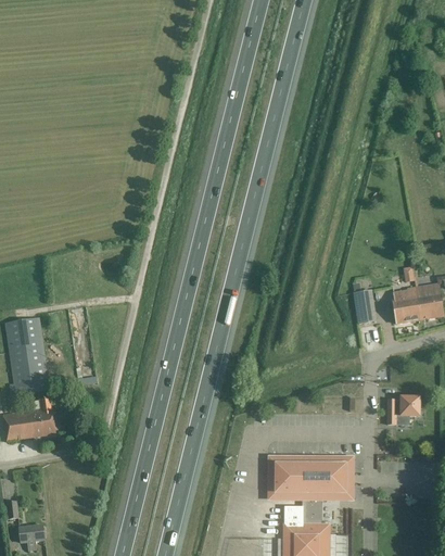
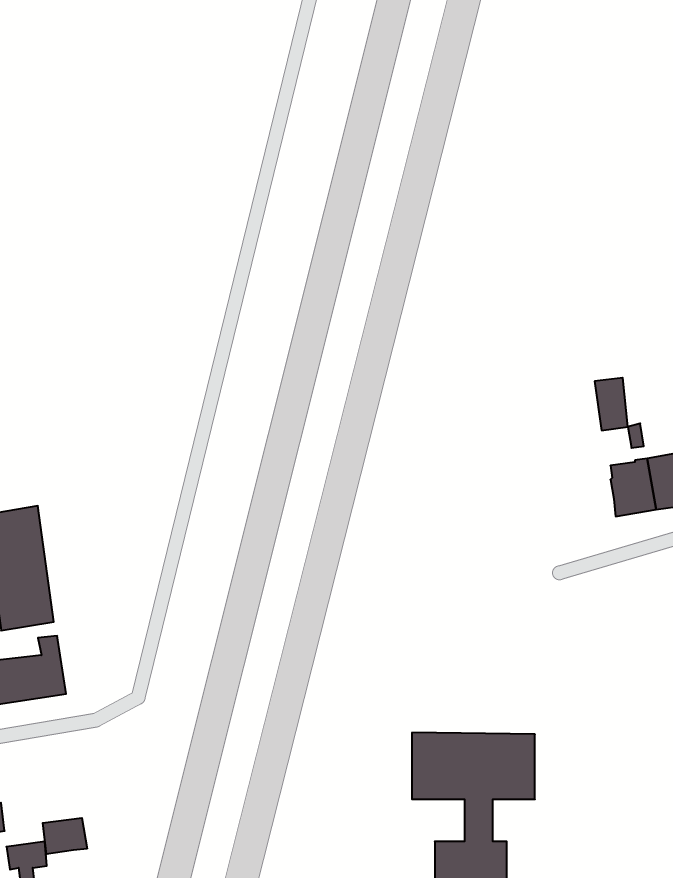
building: [355,290,376,323] -> [595,378,628,430]
building: [387,397,420,425] -> none
building: none -> [43,818,87,854]

